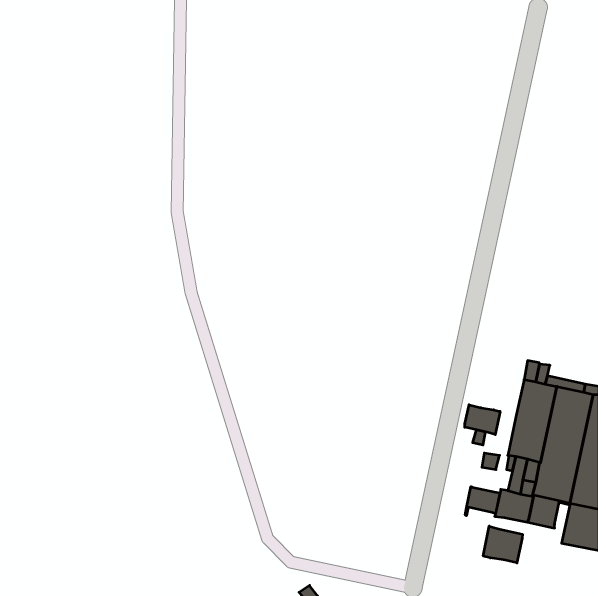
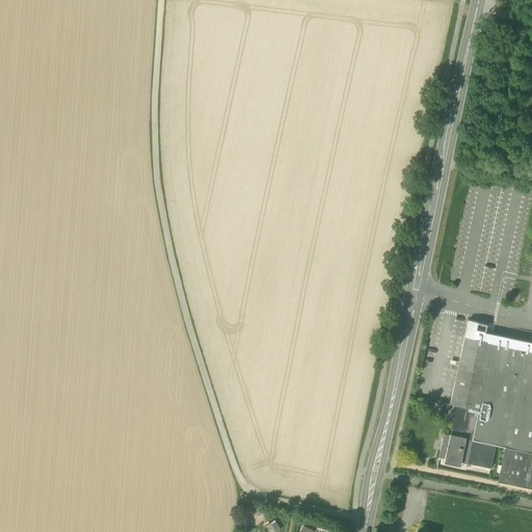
building: [465,405,500,435] -> none
building: [465,487,500,516] -> none
building: [483,526,522,563] -> none

